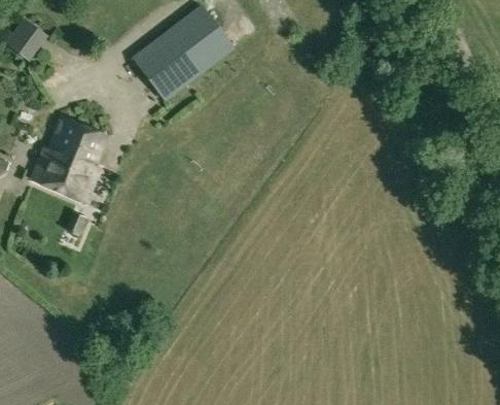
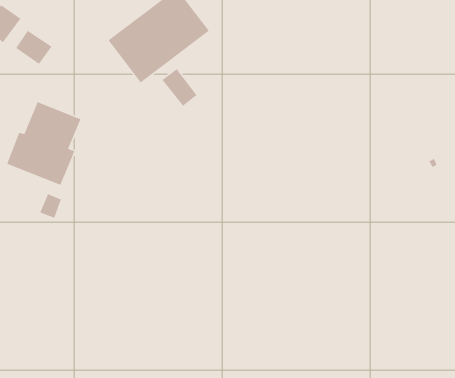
building: none -> [15,30,52,65]
building: none -> [161,68,197,107]

